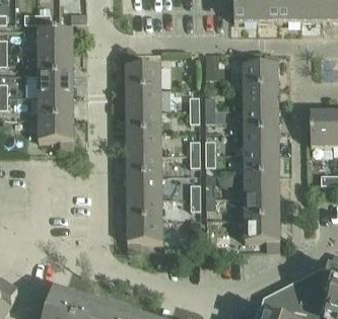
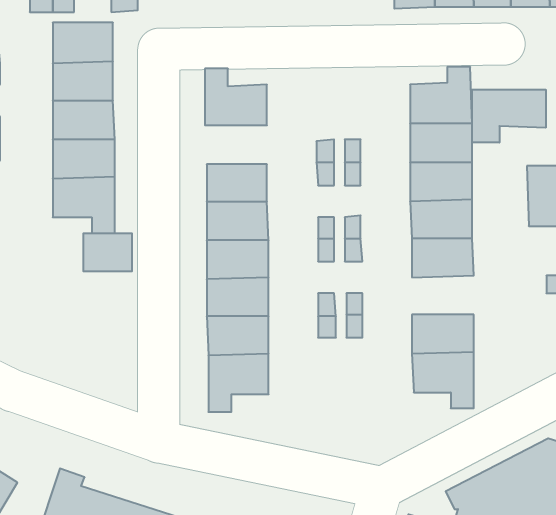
building: none -> [472,90,546,143]
building: [126,86,161,108] -> none
building: none -> [83,233,132,271]
building: [245,172,280,194] -> none

